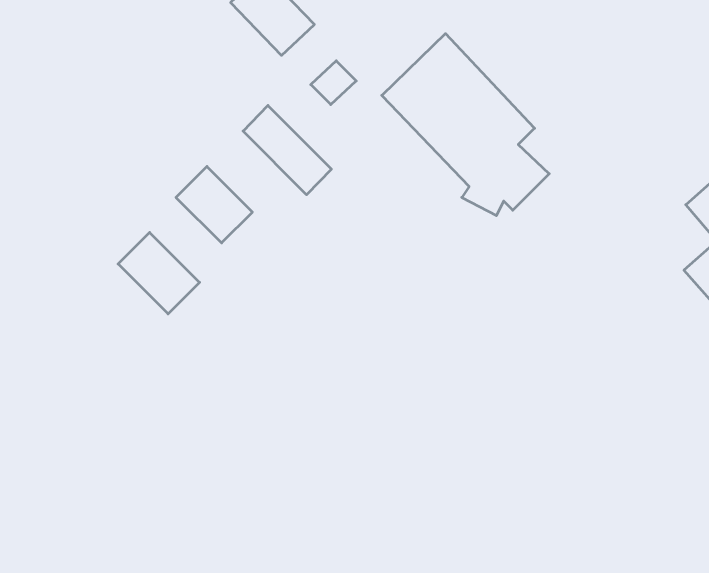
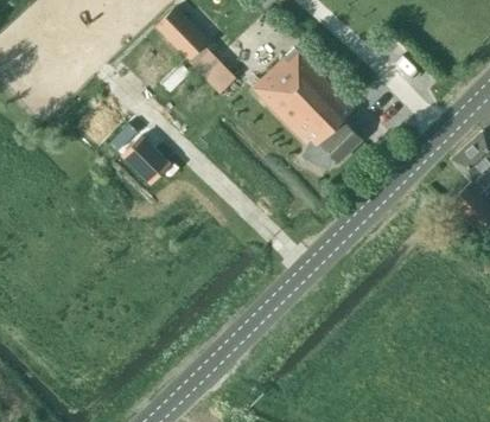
building: [243,105,331,195] -> none
building: [118,232,200,314] -> none

